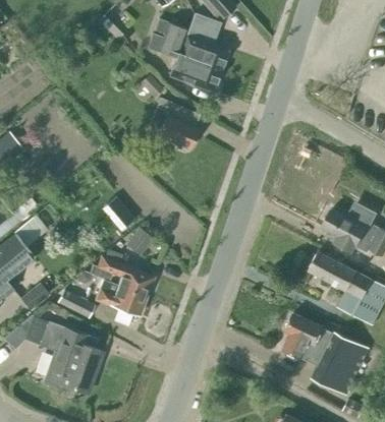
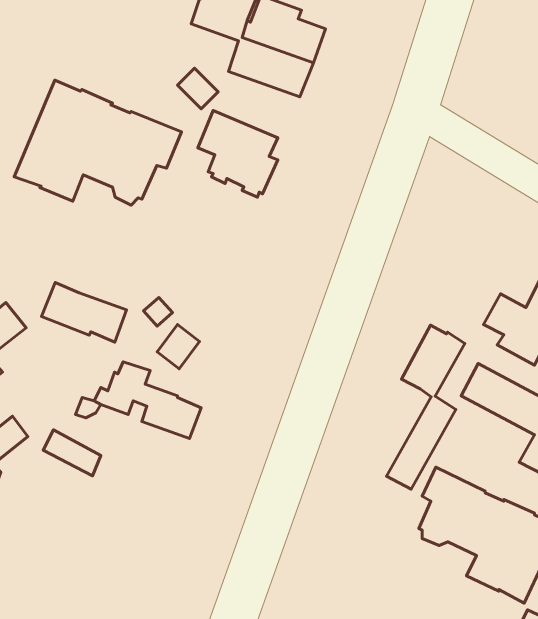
building: none -> [14,80,182,205]
building: none -> [387,325,465,489]
building: [95,280,146,315] -> [42,283,127,342]
building: [39,322,102,394] -> none

